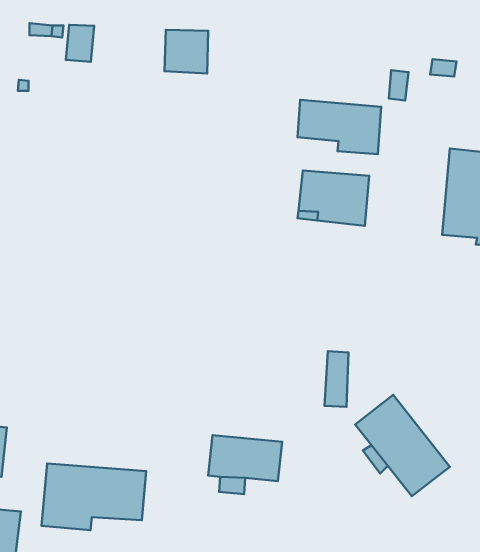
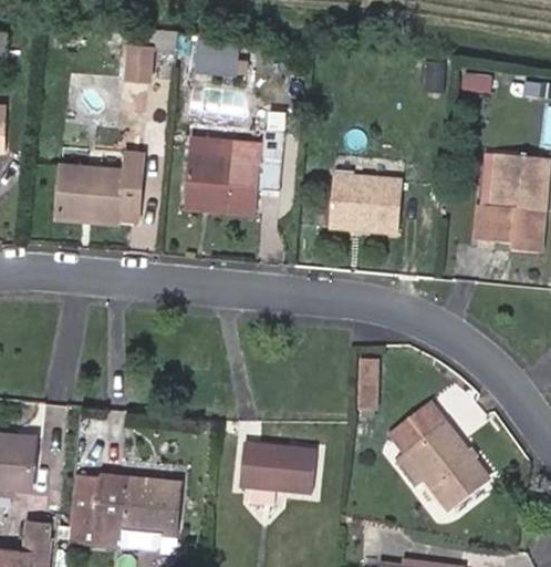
building: [66,25,94,62] -> [127,45,156,83]
building: [297,100,381,154] -> none
building: none -> [186,130,281,206]
building: none -> [58,151,145,220]

